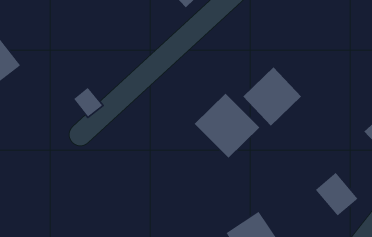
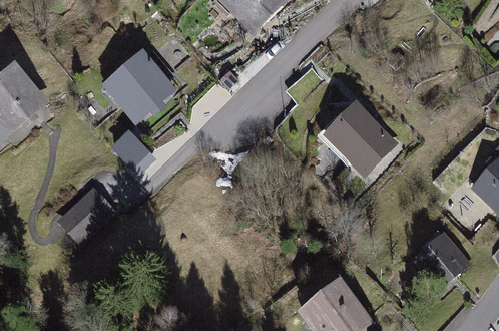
building: none -> [106,54,175,121]
building: [194,93,260,158] -> none
building: none -> [58,187,108,236]

